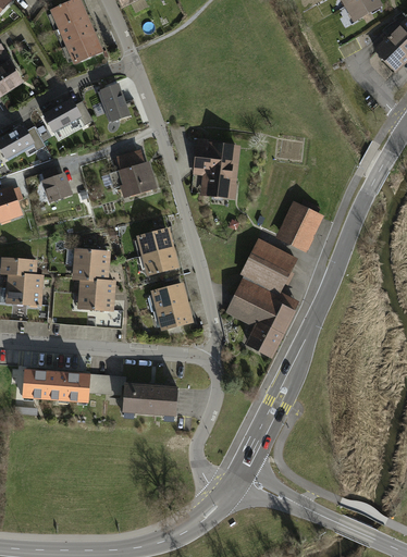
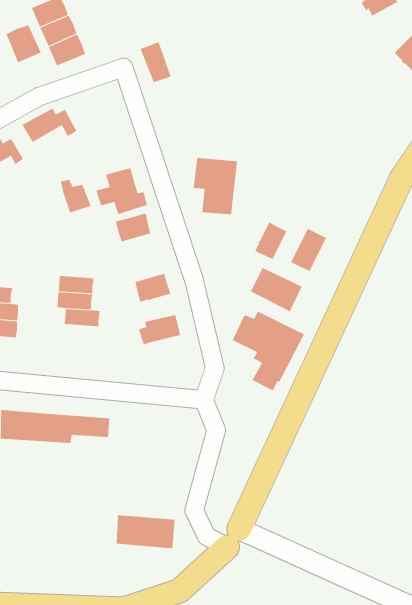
building: none -> [6,24,42,63]
building: [99,84,127,121] -> [140,42,171,83]
building: [40,170,69,200] -> [60,179,91,213]
building: none -> [254,221,287,260]
building: [137,228,170,255] -> [115,213,151,242]
building: [78,293,111,310] -> none
building: [157,302,189,327] -> none
building: [122,383,175,413] -> [116,515,176,549]

